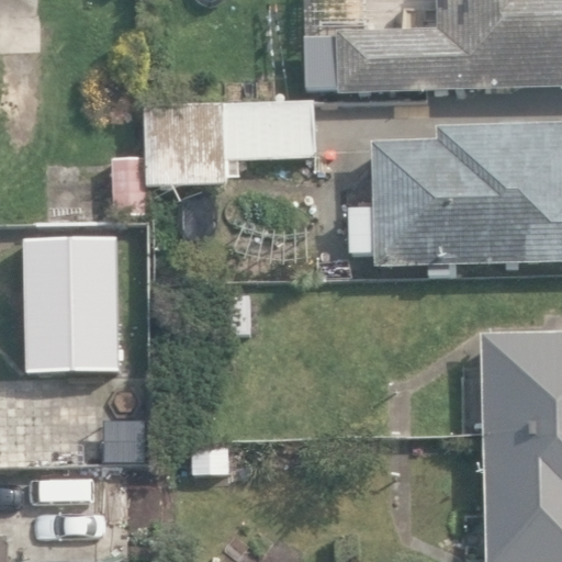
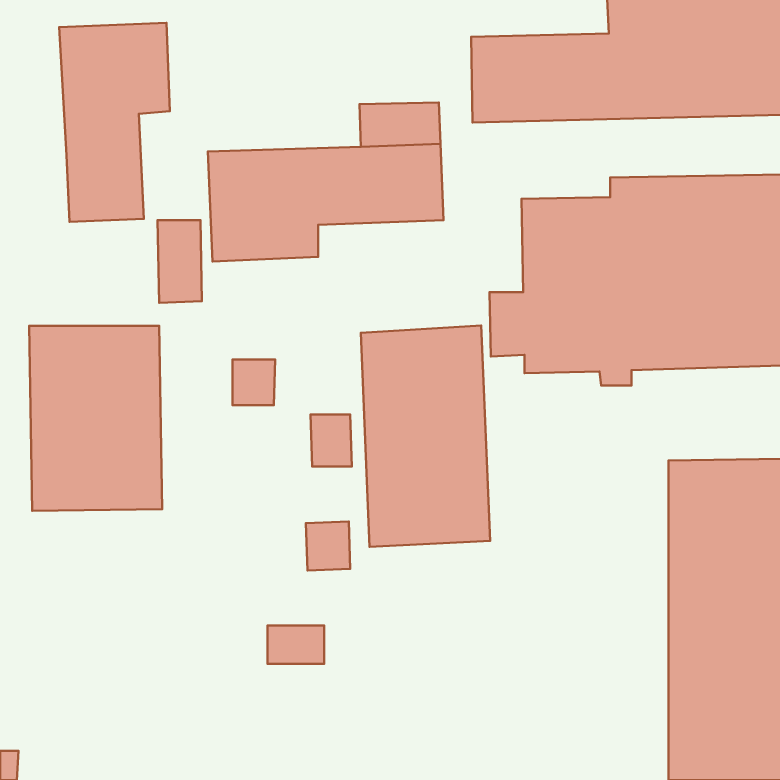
building: none -> [59,23,170,222]
building: none -> [361,325,490,547]

